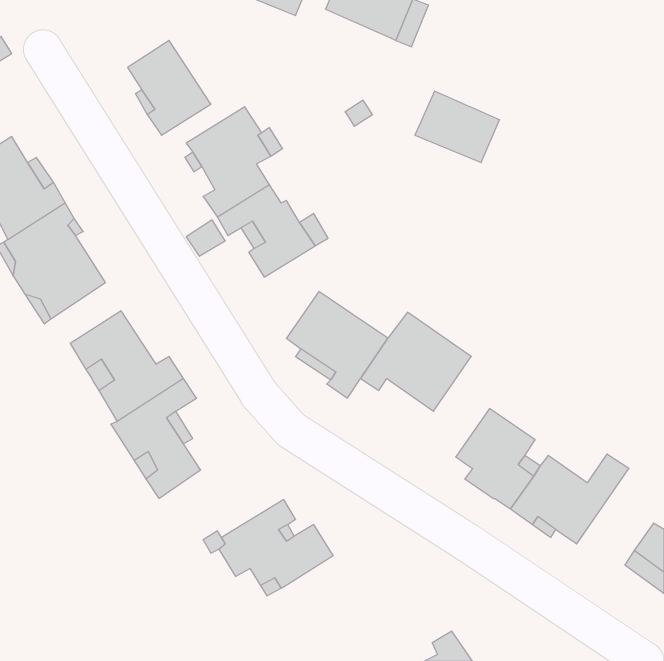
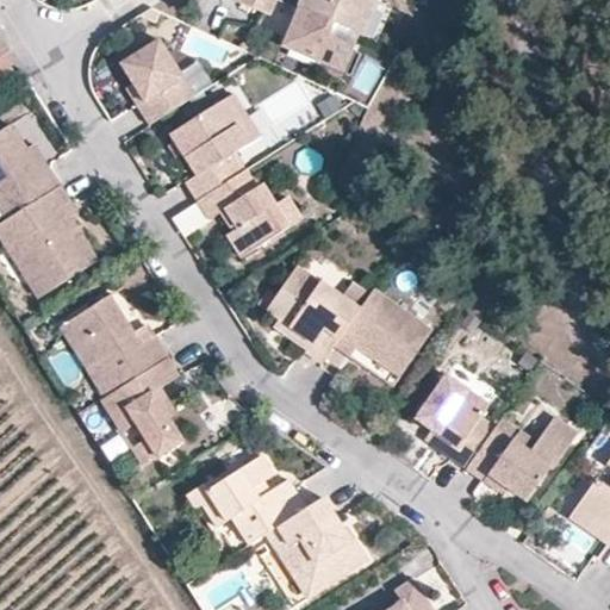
building: [415,91,500,163] -> [280,8,357,74]
building: none -> [263,499,367,597]

